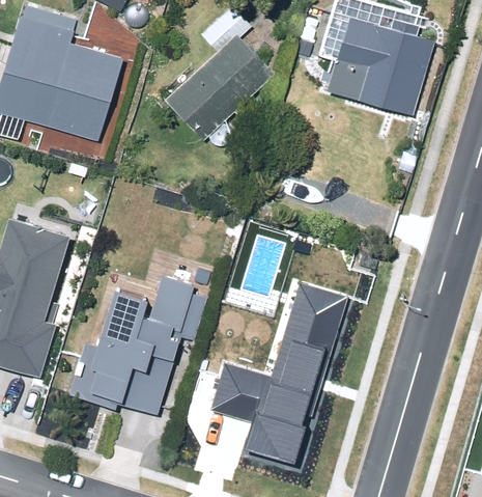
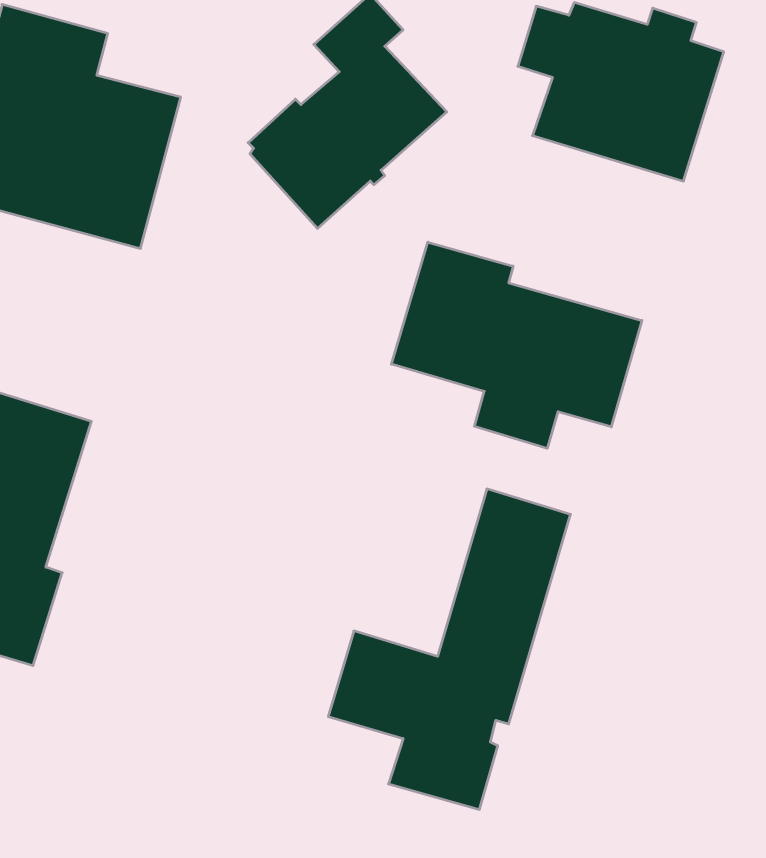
building: none -> [391,242,642,448]
building: [84,269,202,417] -> none

